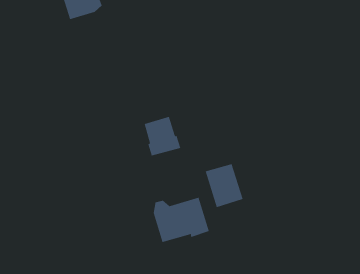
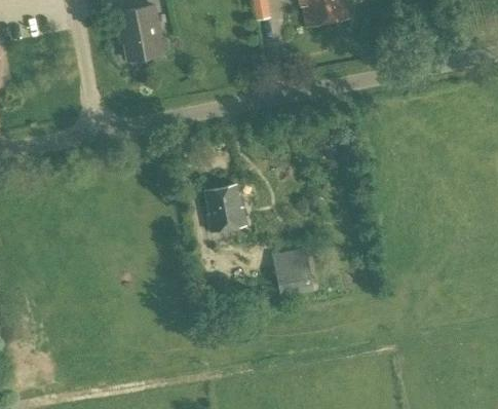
building: [153,197,210,243] -> none

